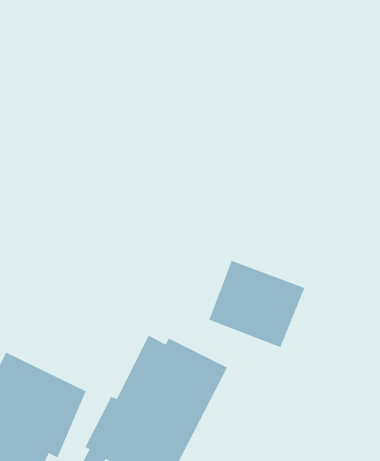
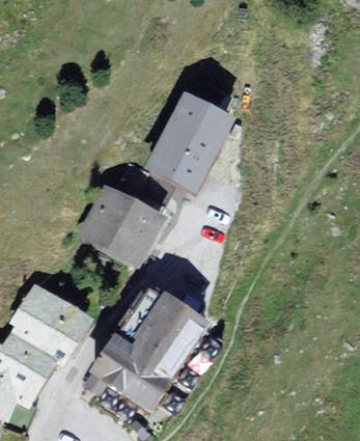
building: none -> [149,91,228,182]
building: [208,260,305,348] -> [83,186,161,258]

